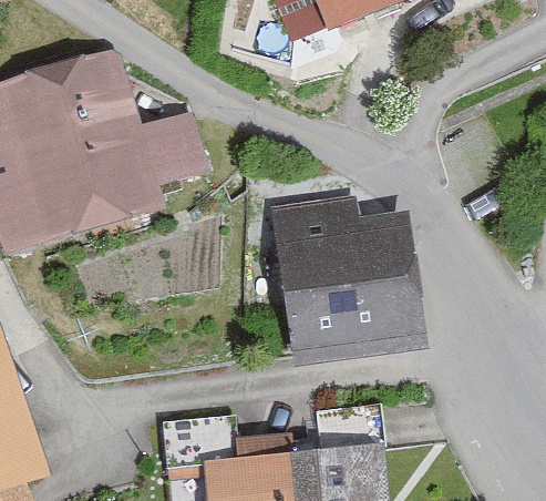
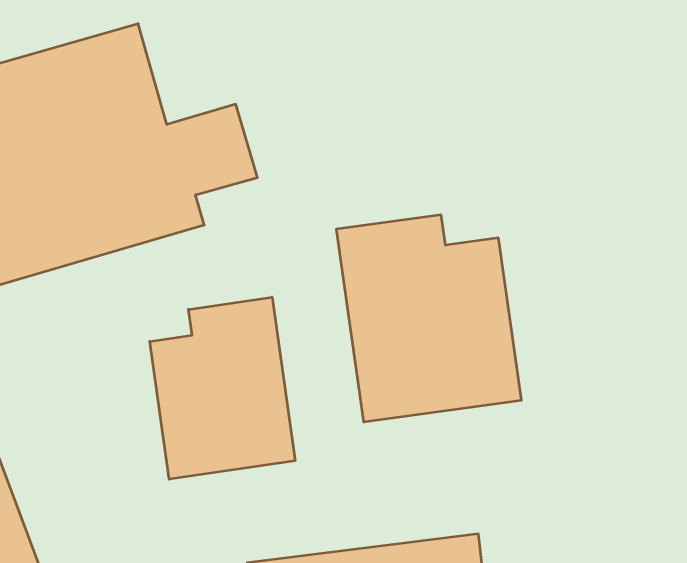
building: none -> [150,297,295,479]

